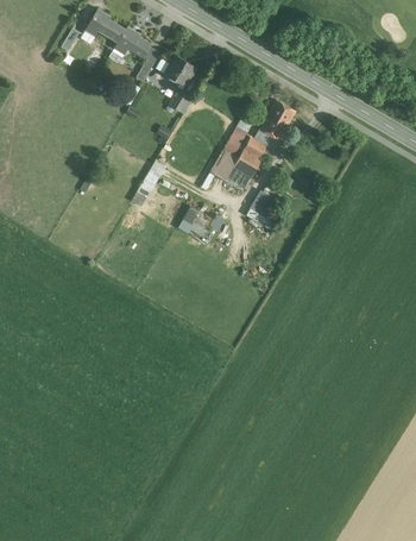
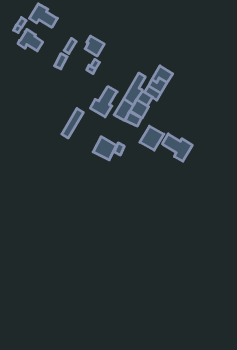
building: [113,26,150,58] -> [18,29,43,51]
building: none -> [90,87,117,117]
building: none -> [163,134,192,161]

